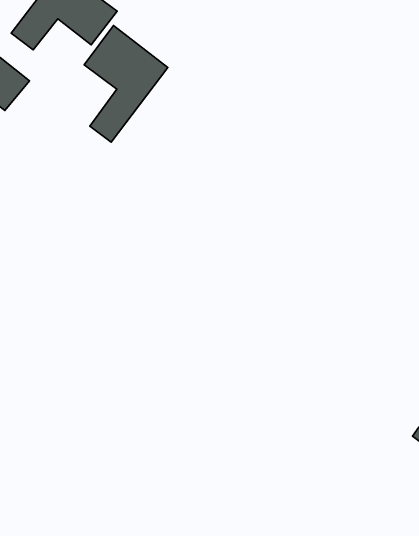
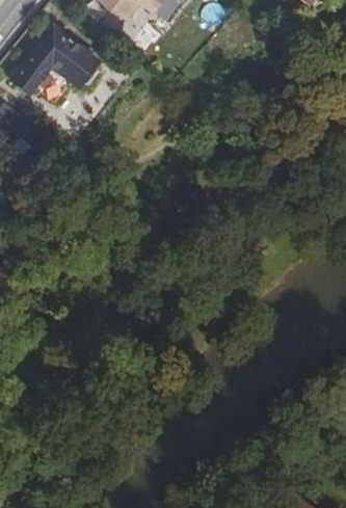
building: [84,26,168,142] -> none

